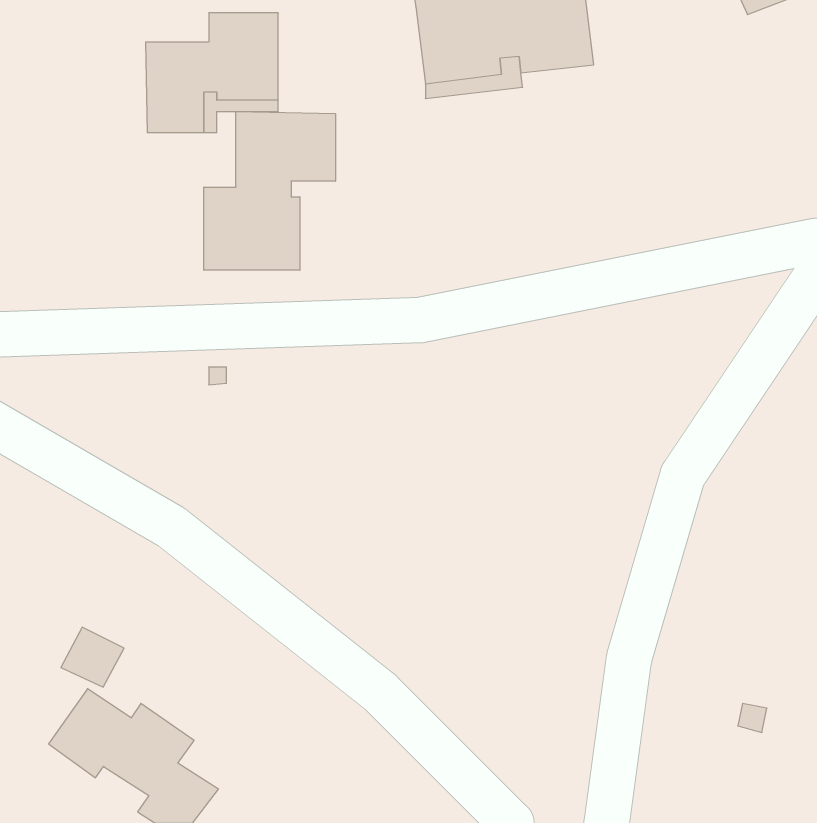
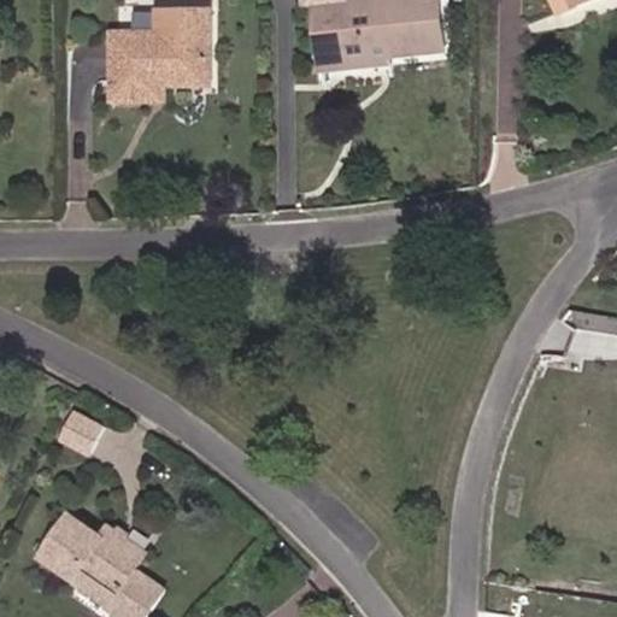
building: [204,112,335,270] -> none
building: [61,627,124,687] -> [54,410,101,454]

